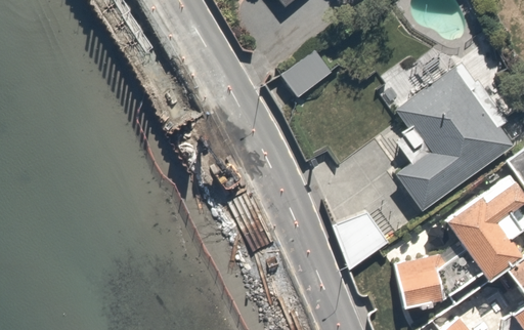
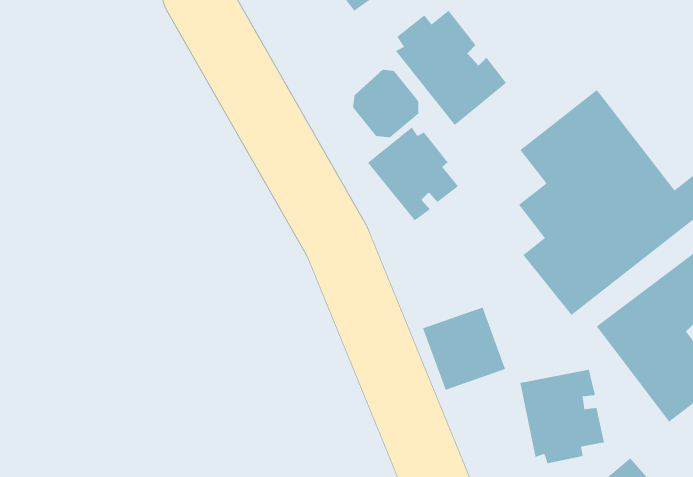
building: none -> [395,10,507,126]
building: none -> [367,127,459,221]

